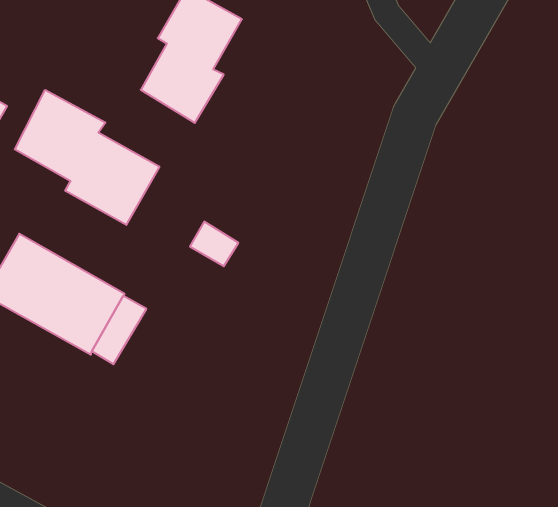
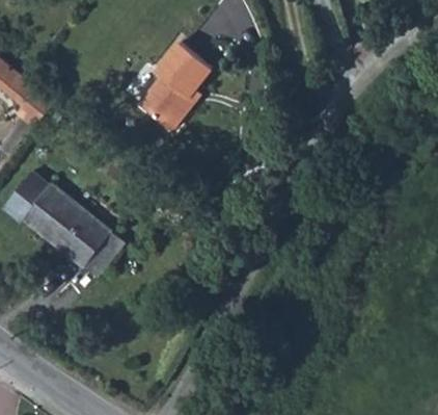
building: [15,90,159,225] -> none

